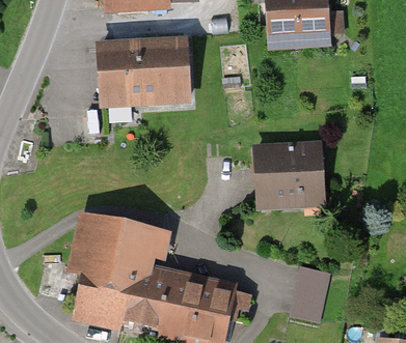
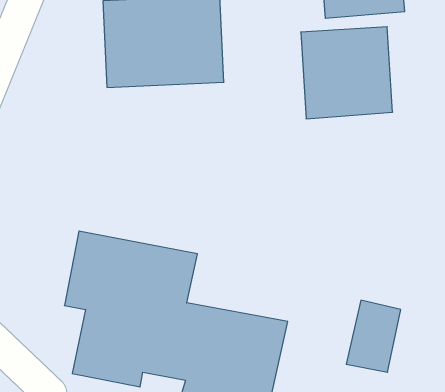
building: [252,141,324,212] -> [301,27,393,119]

